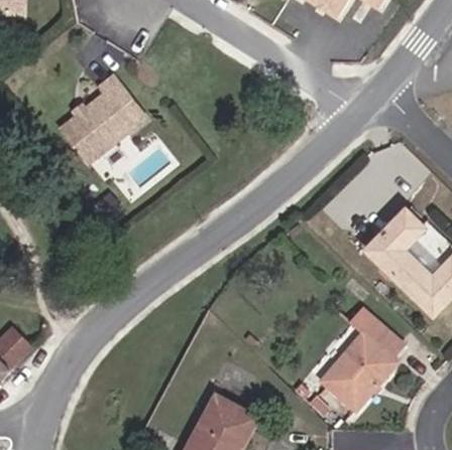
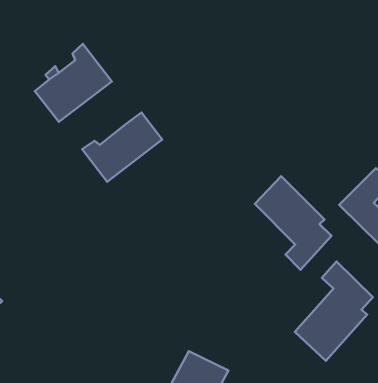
building: none -> [82,112,162,182]
building: none -> [255,176,332,270]

